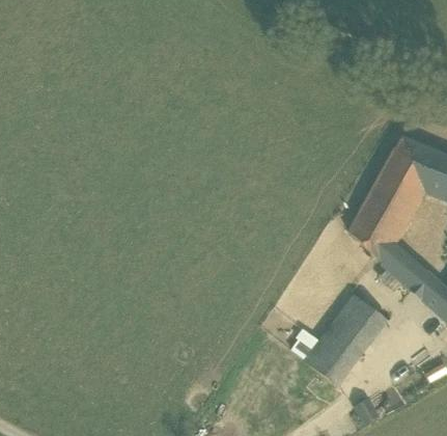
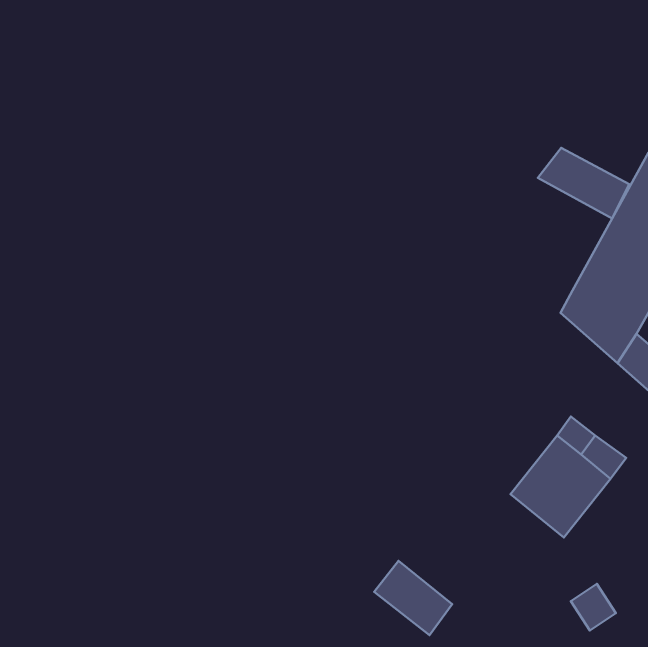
building: none -> [538,148,629,219]
building: [304,342,351,386] -> [374,561,452,635]

